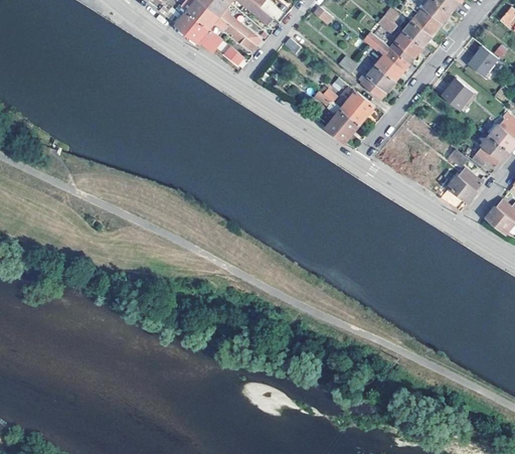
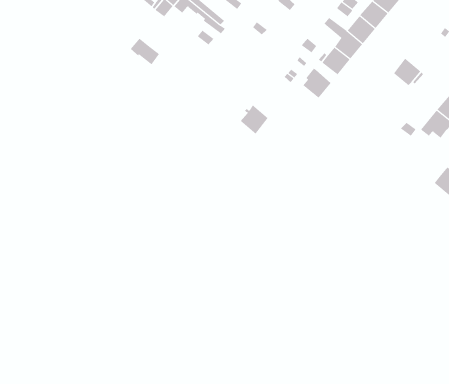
building: [187,20,220,50] -> [130,38,160,65]
building: [468,43,498,73] -> none
building: [327,108,359,141] -> [240,105,269,134]
building: [450,167,483,200] -> none

